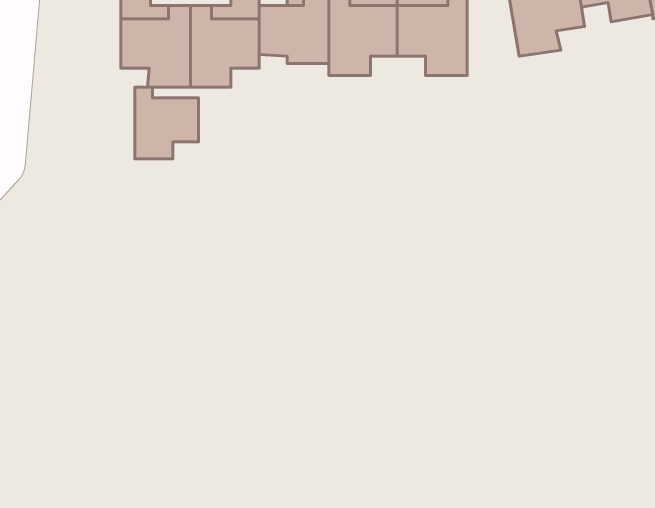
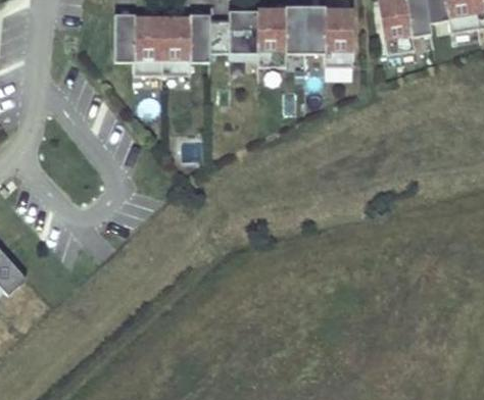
building: [135,87,198,159] -> none

